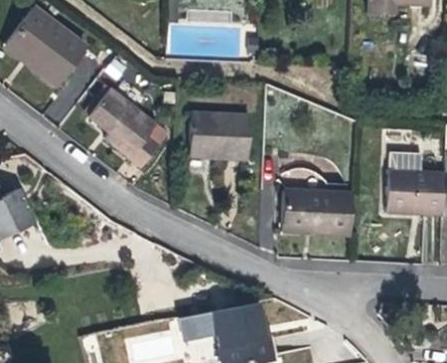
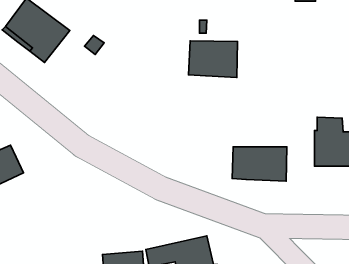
building: [91,89,162,167] -> none
building: [188,115,249,160] -> [189,41,238,77]

